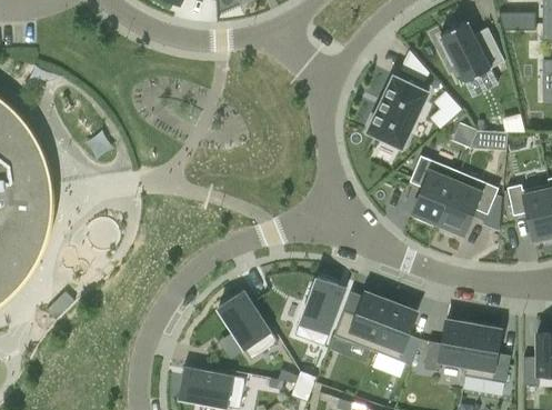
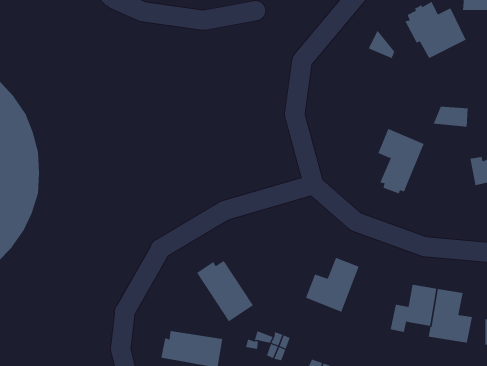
building: [365,74,426,148] -> none
building: [438,171,498,236] -> none
building: [294,277,344,346] -> none
building: [371,301,420,364] -> none

